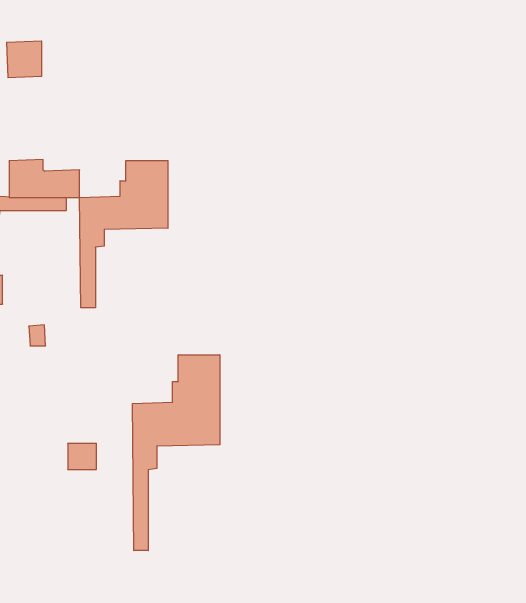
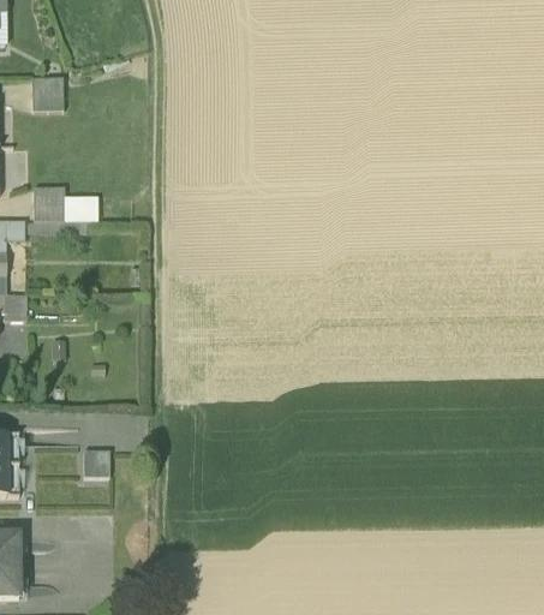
building: [80,161,168,308] -> none
building: [132,355,220,551] -> none

